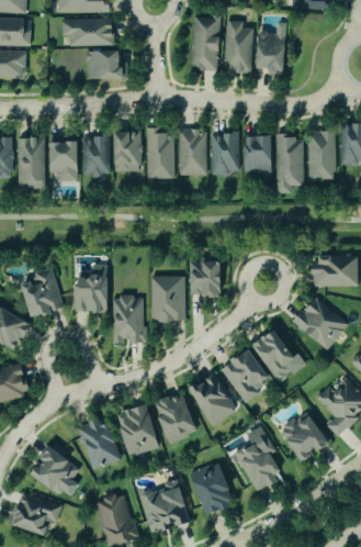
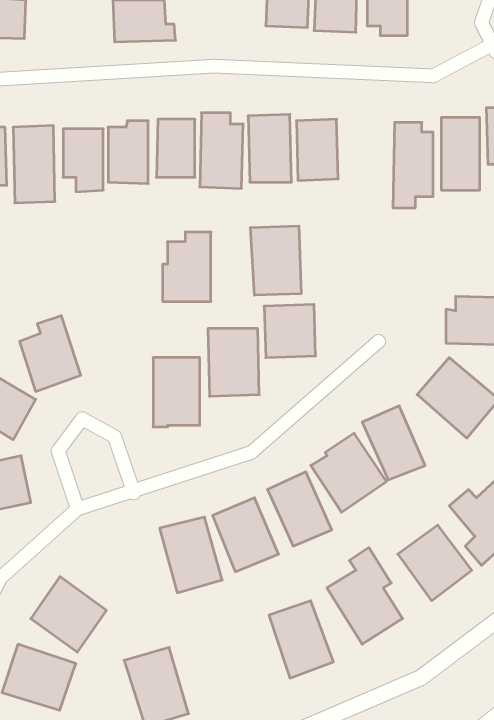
building: [245,135,274,172] -> none
building: none -> [250,226,301,295]
building: [76,264,109,311] -> [163,232,211,301]
building: [77,417,119,469] -> none
building: [138,479,191,534] -> none

